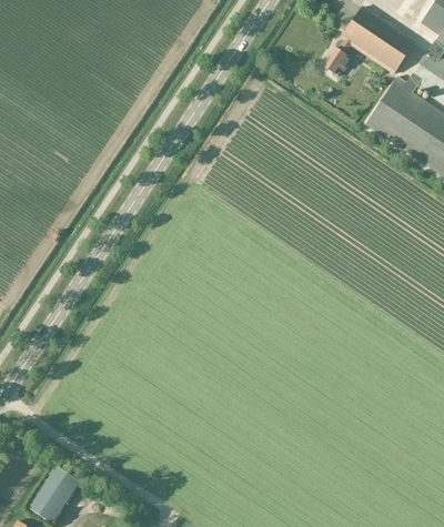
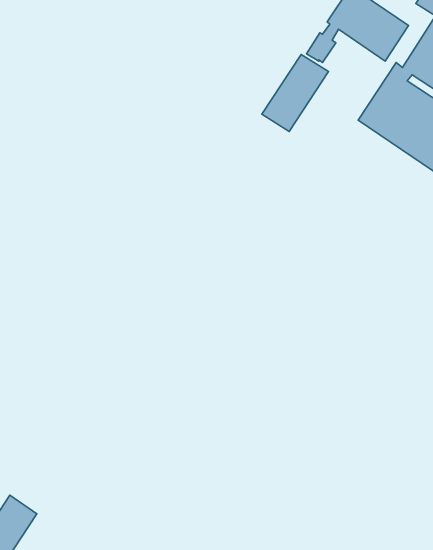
building: none -> [262,54,329,131]

